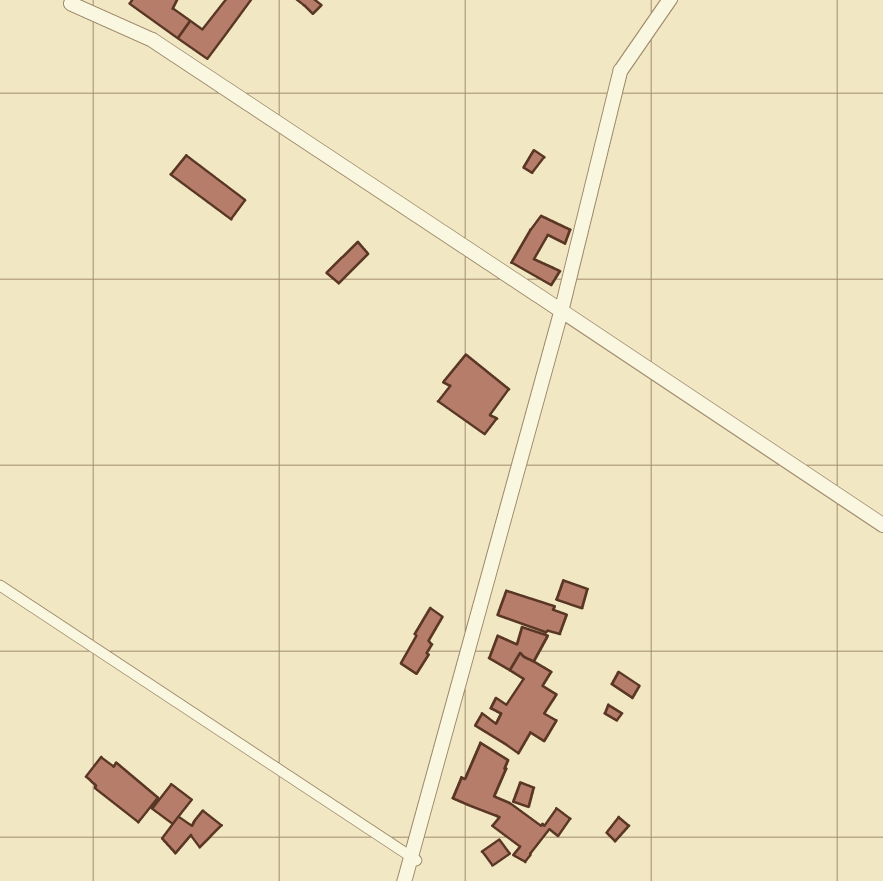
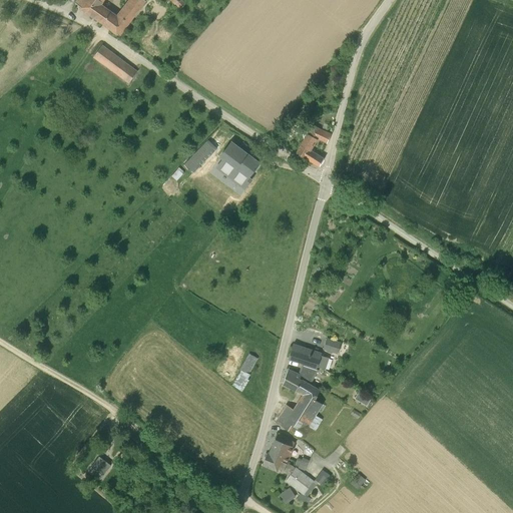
building: [171,155,245,219] -> [93,44,136,81]
building: [438,355,509,434] -> [218,141,260,187]
building: [86,757,158,822] -> none
building: [162,811,222,853] -> none

